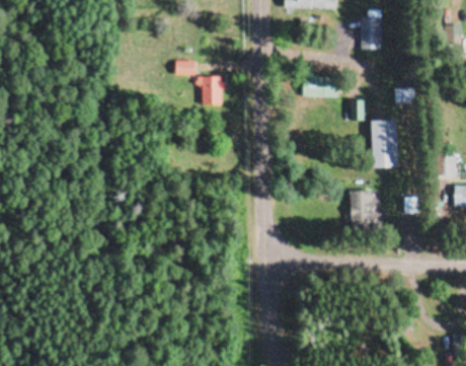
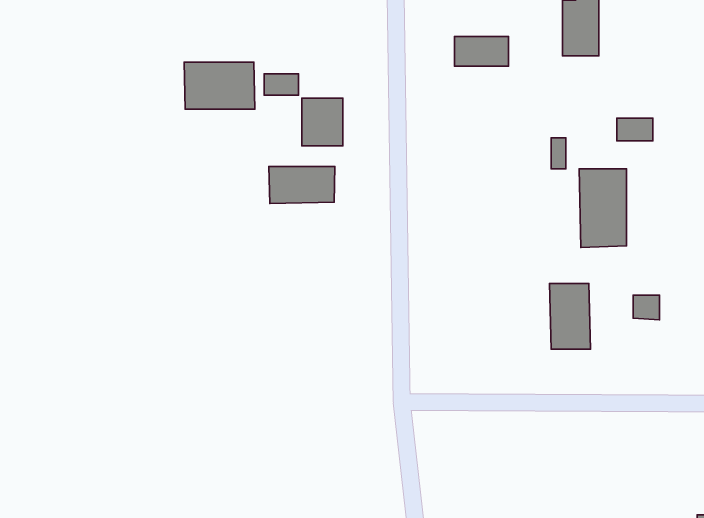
building: none -> [184,62,255,109]
building: [307,77,340,95] -> [454,37,509,66]
building: none -> [269,167,335,203]

